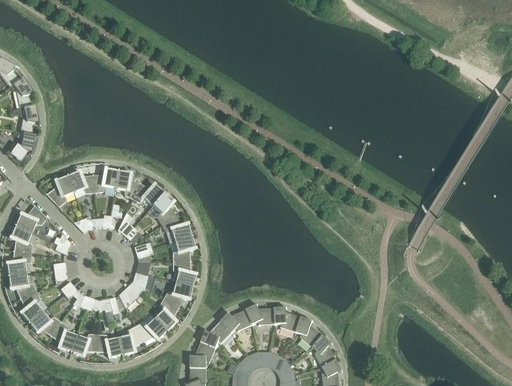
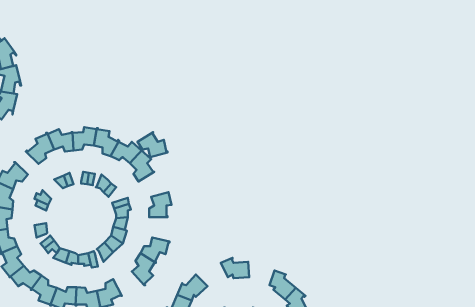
building: [161,214,192,240] -> [138,132,168,157]
building: [172,261,196,286] -> none
building: [274,306,301,331] -> none
building: [220,308,253,332] -> none
building: [135,317,167,342] -> none

